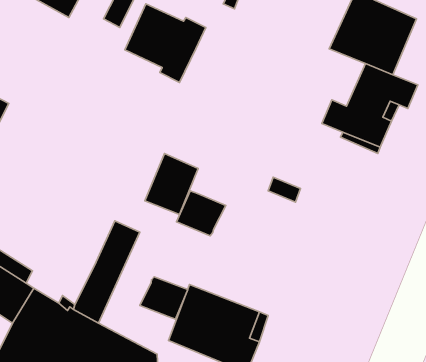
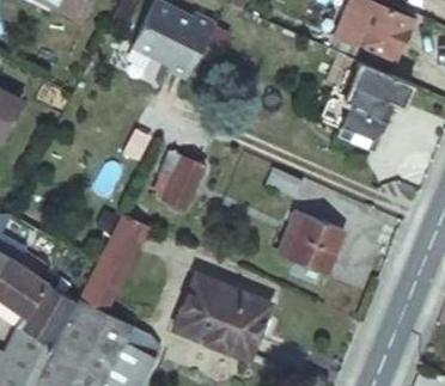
building: [176,191,226,236] -> none
building: none -> [278,209,342,272]
building: [140,277,188,319] -> none

